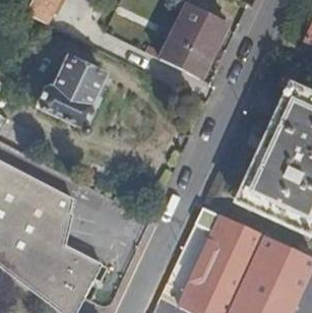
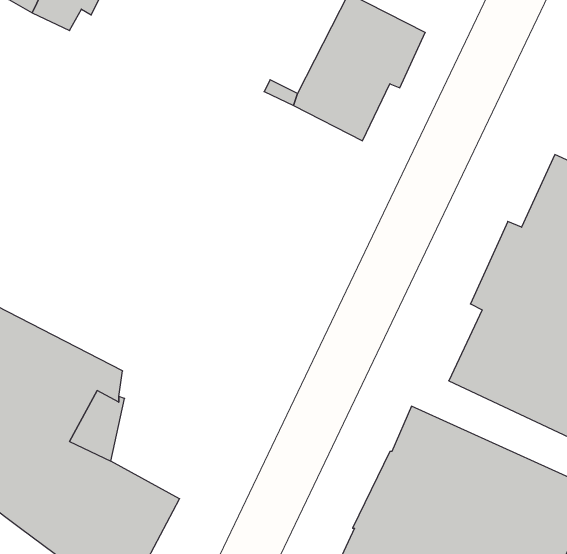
building: [35,57,104,129] -> none

